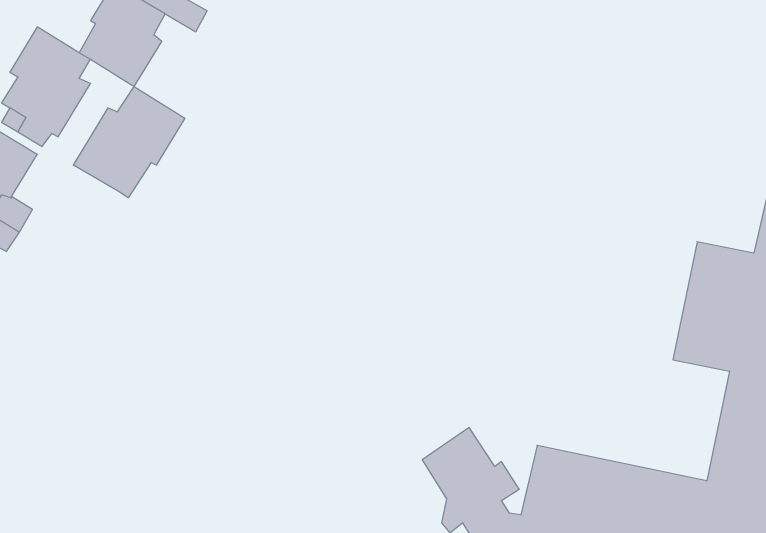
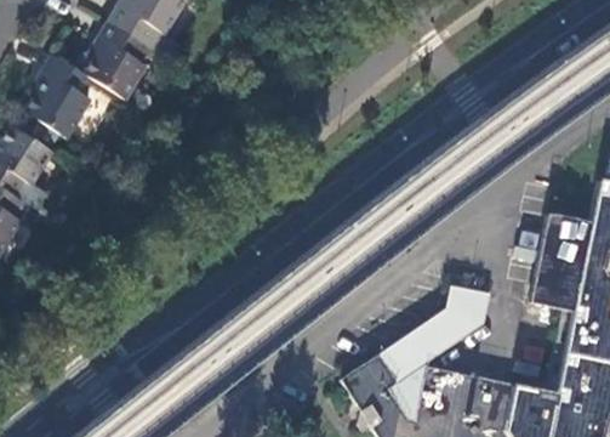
building: [73,87,185,198] -> none
building: none -> [378,286,494,384]

